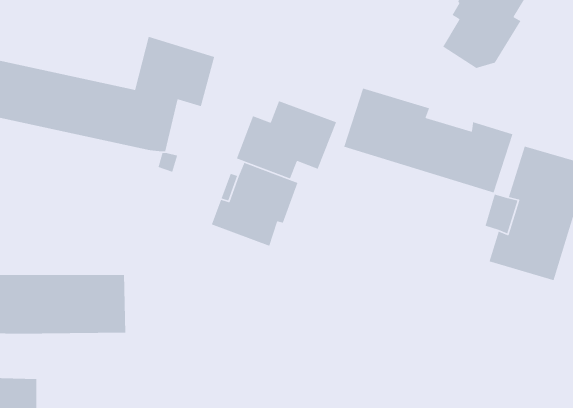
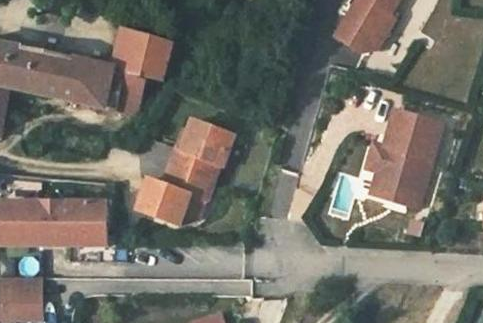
building: [343,88,513,193] -> none
building: [236,100,337,180] -> [137,165,211,223]

